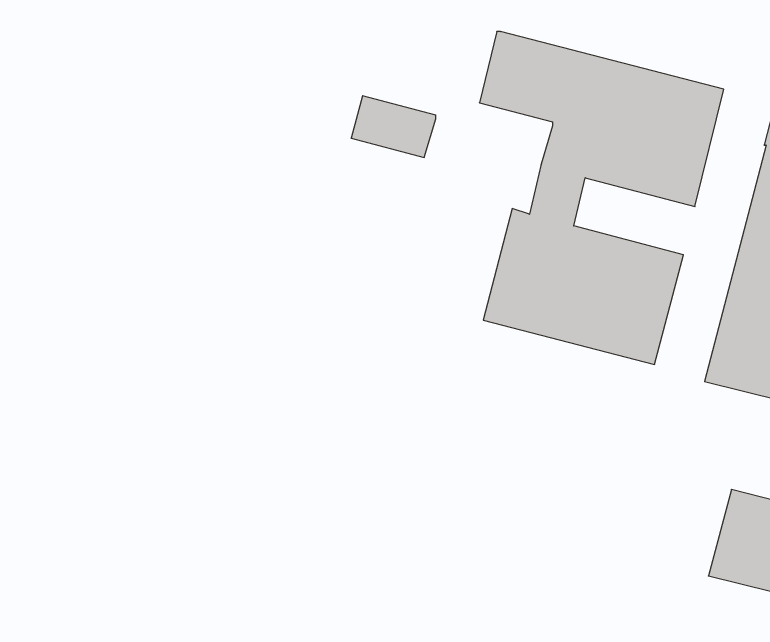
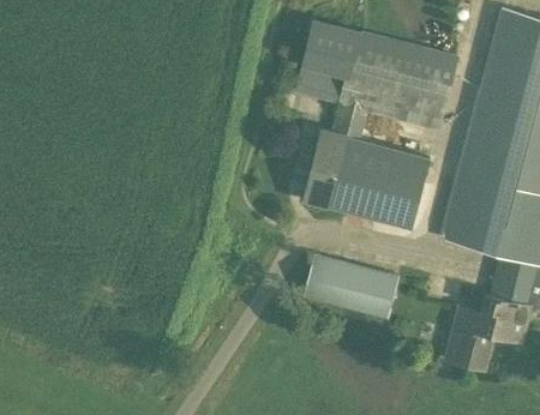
building: [351,96,436,157] -> [295,65,348,103]
building: none -> [302,254,400,320]

